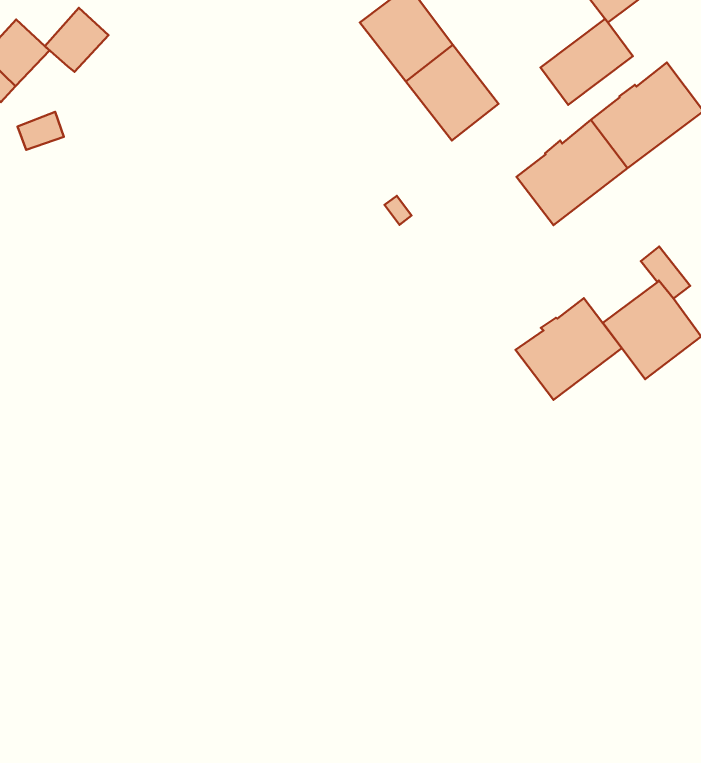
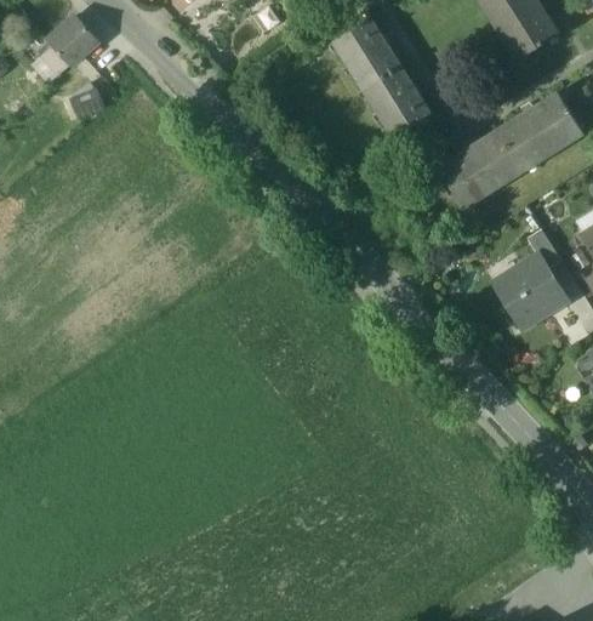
building: [45,8,108,72] -> none
building: [540,19,633,105] -> none
building: [515,298,622,400] -> none

